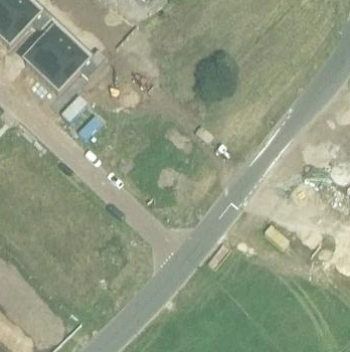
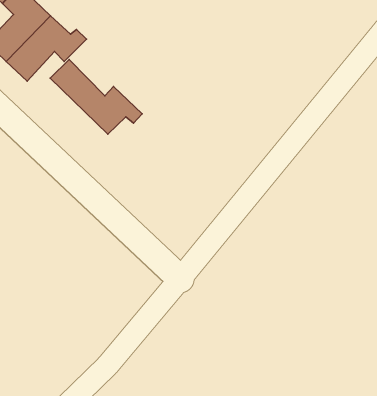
building: none -> [50,60,142,134]

